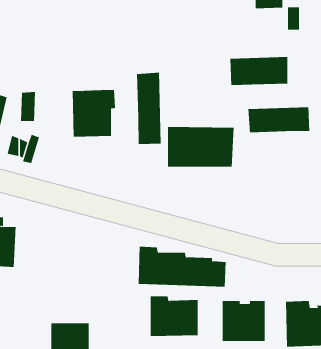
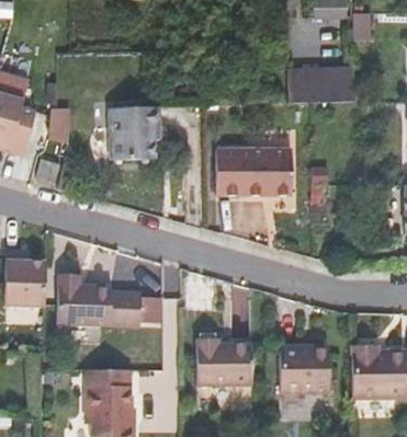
building: [137,72,161,145] -> none
building: [248,107,310,133] -> none
building: [138,246,226,287] -> [58,280,158,326]

